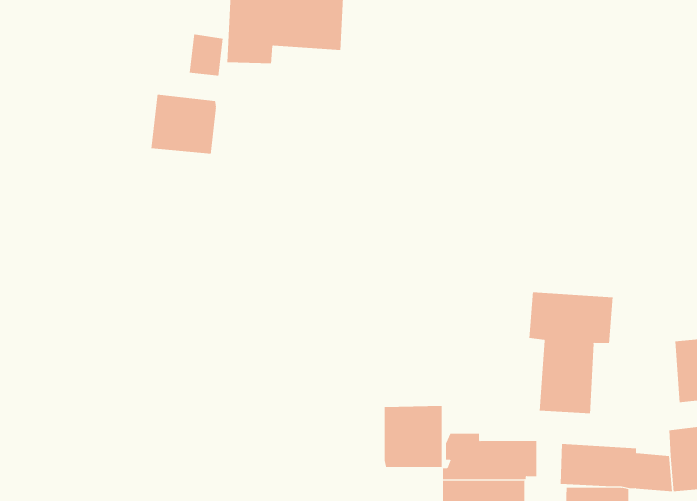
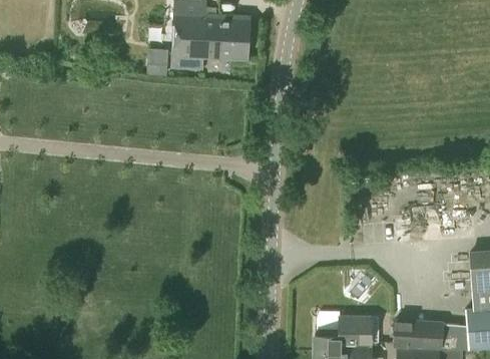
building: [151,94,216,154] -> none
building: [529,291,613,414] -> none
building: [384,405,442,468] -> none

